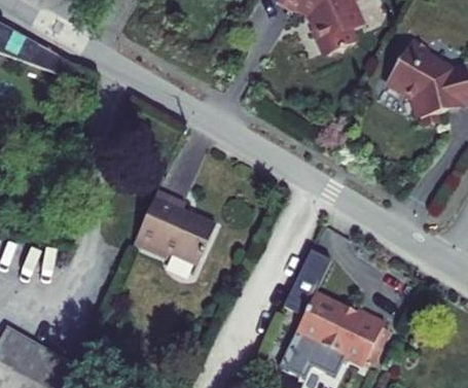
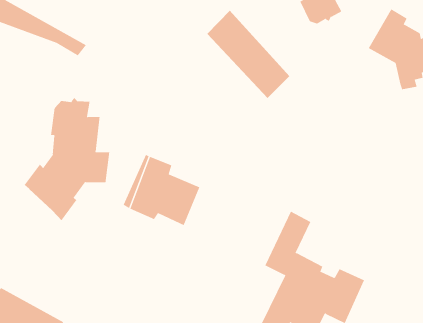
building: none -> [207,10,290,99]
building: none -> [24,97,110,221]

